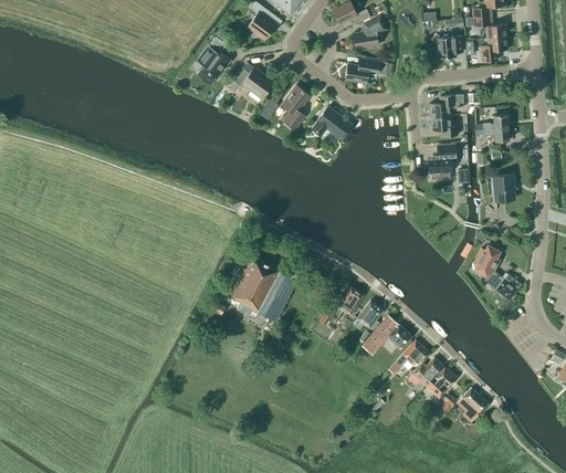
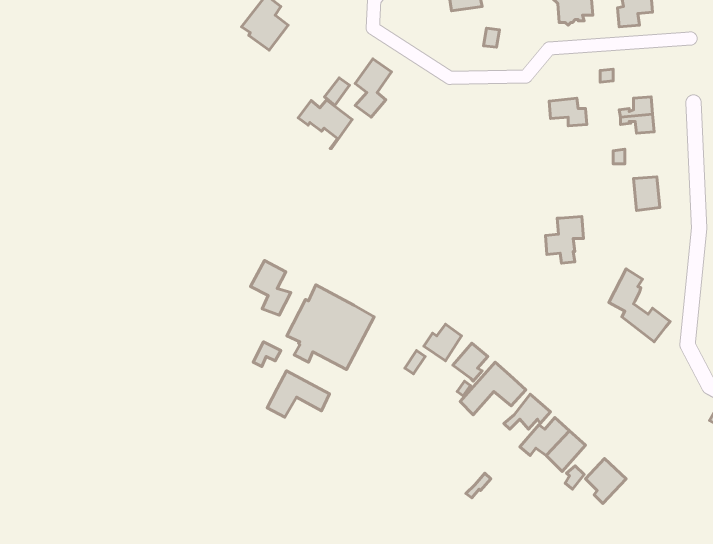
building: [345,59,379,83] -> none
building: [232,66,273,104] -> [298,99,352,149]
building: [429,94,463,117] -> none
building: [311,106,350,138] -> none
building: [428,145,457,180] -> [546,217,583,263]
building: none -> [251,260,291,315]
building: none -> [267,371,329,417]

